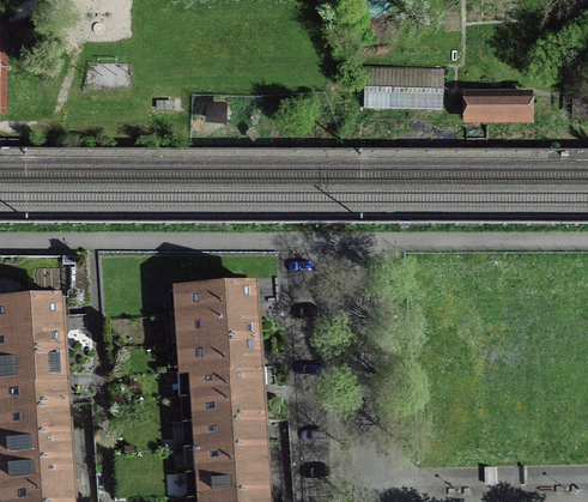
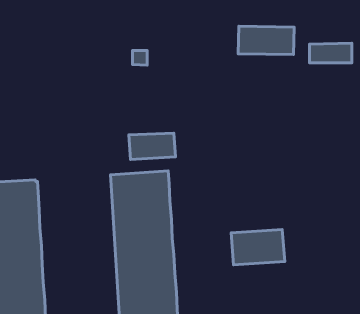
building: none -> [129,133,175,159]
building: none -> [231,230,285,265]

